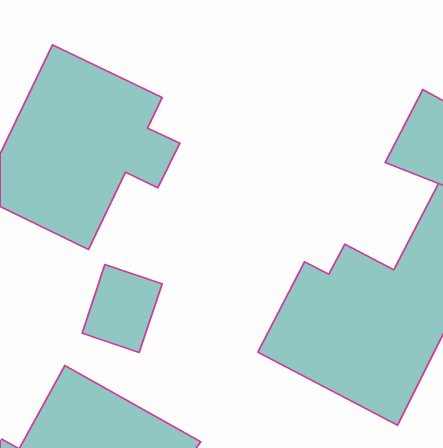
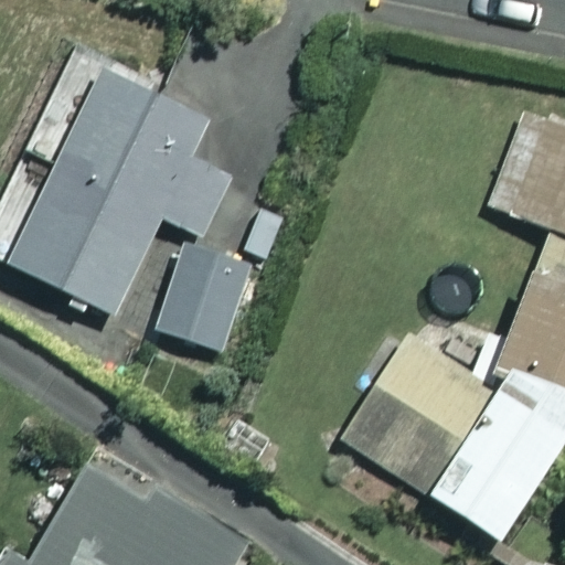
building: [82,265,162,352] -> [160,245,260,355]

